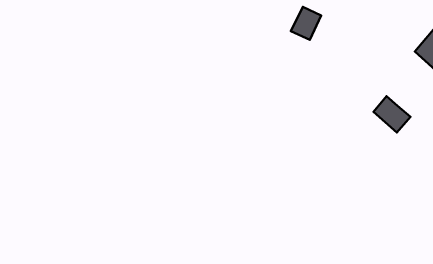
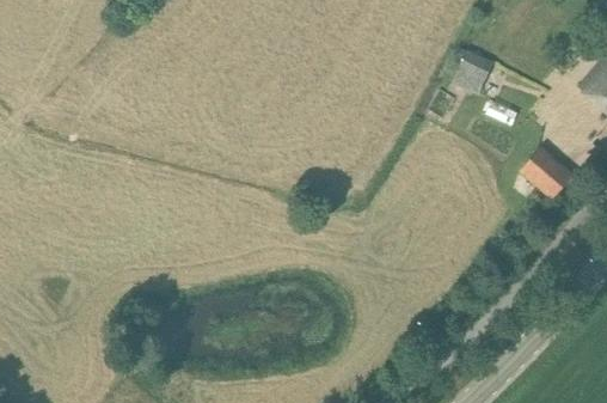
building: [291,7,321,40] -> [452,49,493,94]

